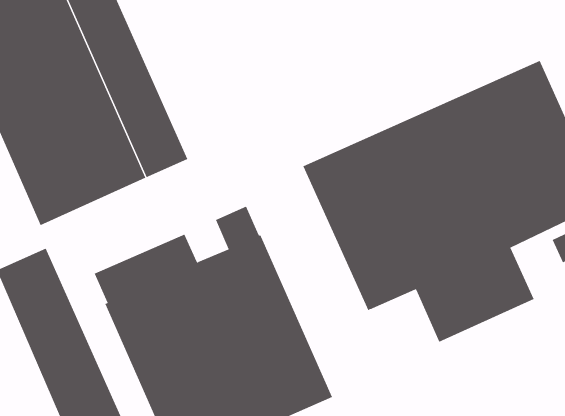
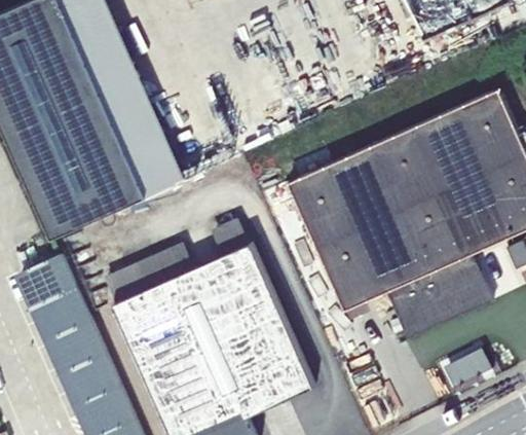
building: none -> [443,349,491,388]

